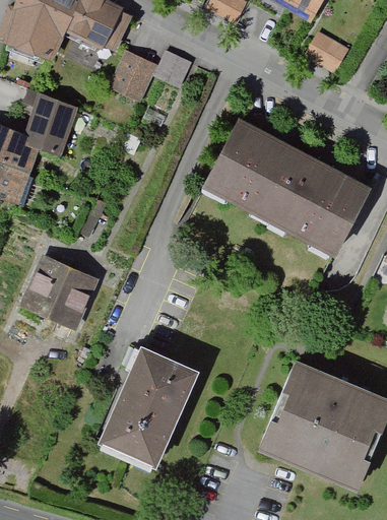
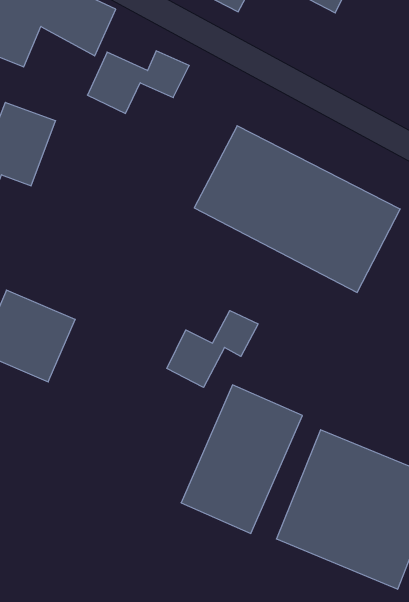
building: [306,30,347,69] -> none
building: none -> [167,311,258,387]
building: [94,345,195,468] -> [181,385,302,533]

